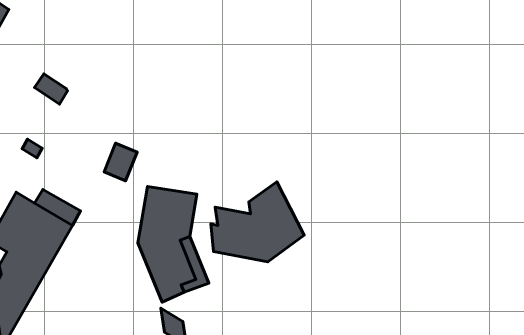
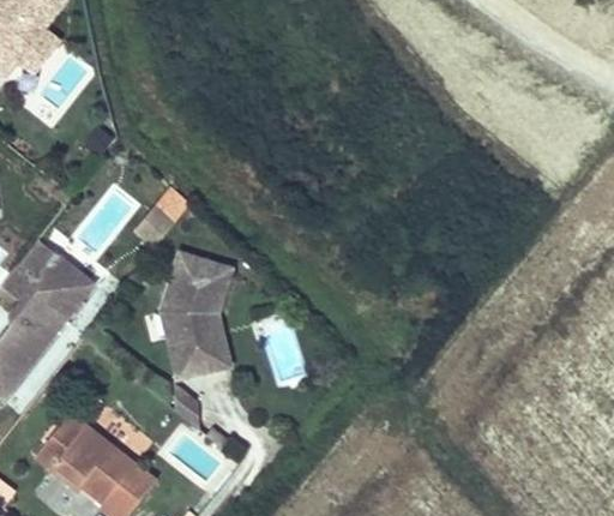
building: [211,182,304,262] -> none

